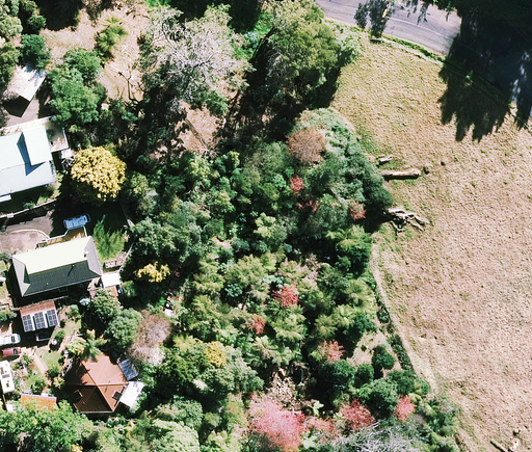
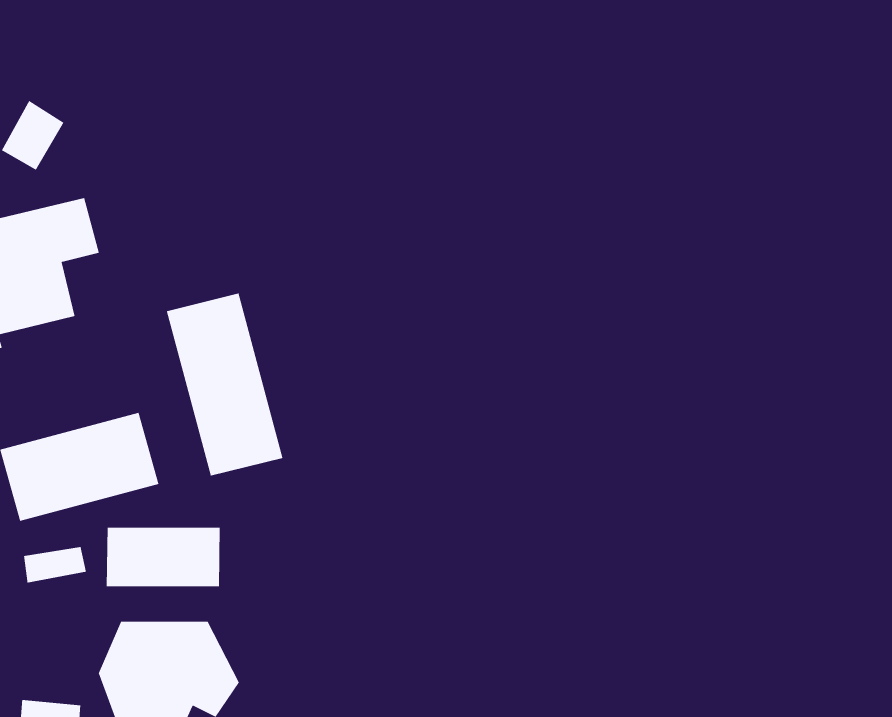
building: none -> [166,293,284,477]
building: none -> [106,527,221,587]

